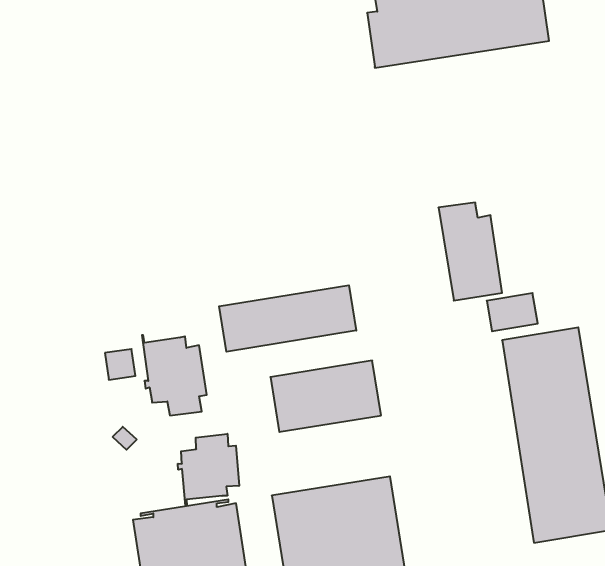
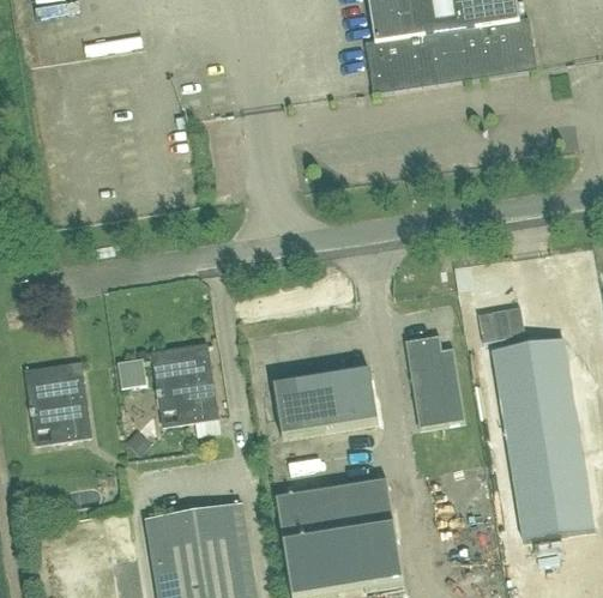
building: [438,203,502,301] -> [404,334,464,427]
building: [219,285,356,352] -> none
building: none -> [25,363,89,440]
building: [178,434,239,506] -> none

